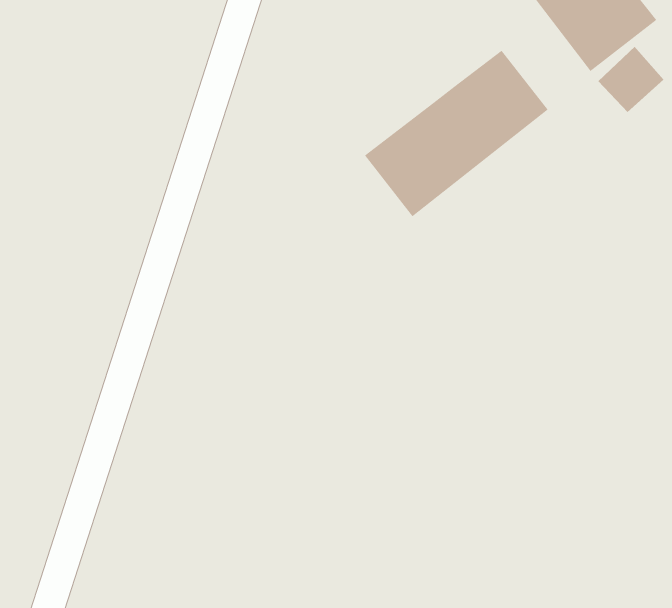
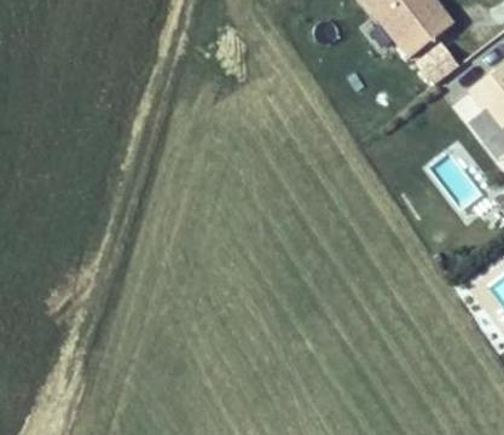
building: [364,50,549,217] -> none

